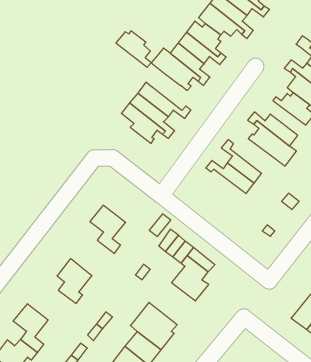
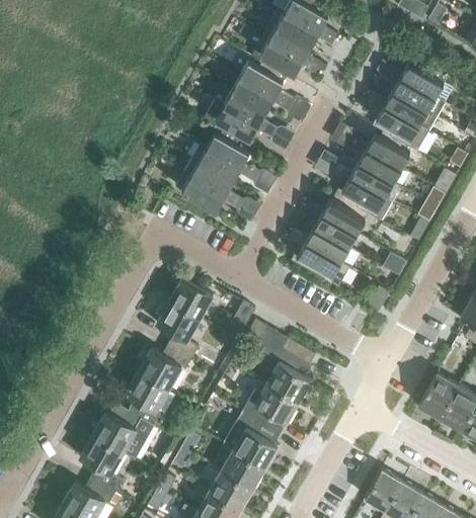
building: [116,31,151,67] -> [206,132,252,173]
building: none -> [346,135,402,183]
building: none -> [314,195,366,236]
building: none -> [291,239,350,288]
building: none -> [169,278,213,320]
building: none -> [139,346,191,391]
building: none -> [242,384,299,435]
building: none -> [94,413,154,459]

